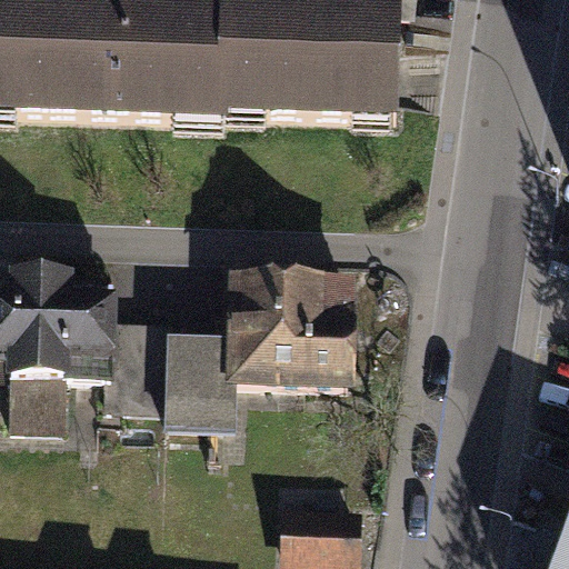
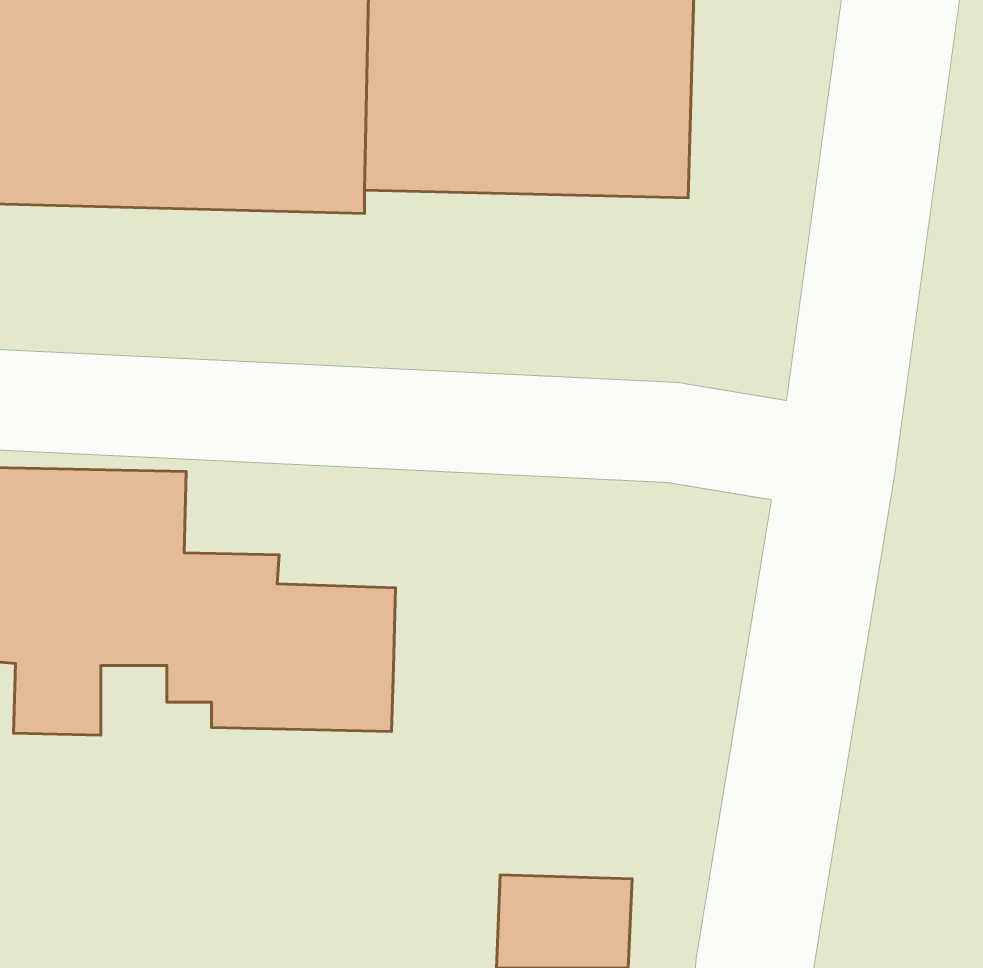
building: [226,273,399,386] -> none

